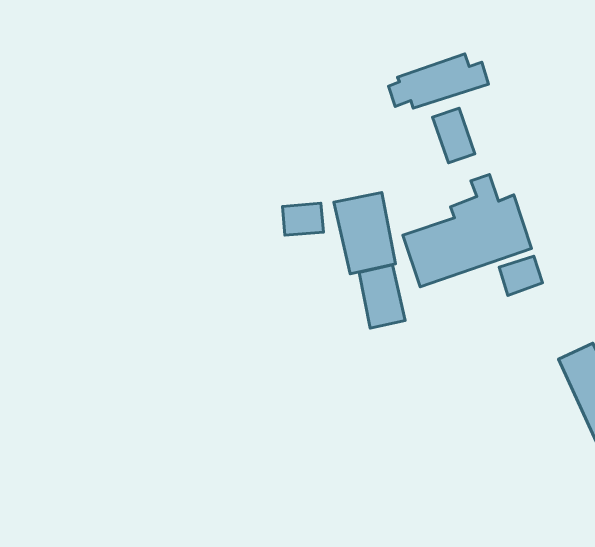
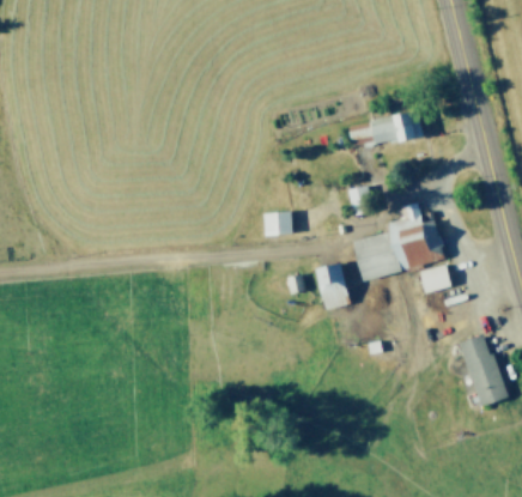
building: [433,108,475,163] -> none
building: [334,192,396,274] -> none

